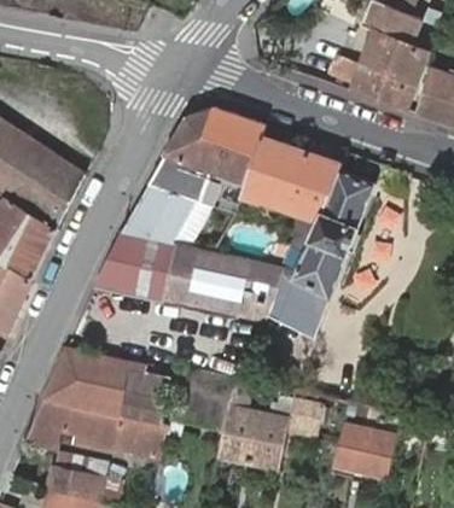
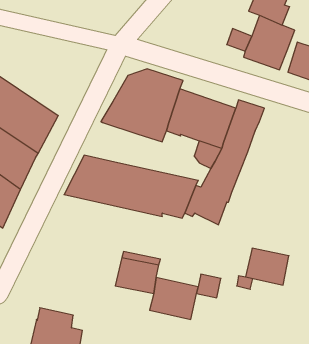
building: [123,185,190,243] -> none
building: [23,349,170,461] -> none
building: [331,428,394,481] -> [245,248,289,285]

